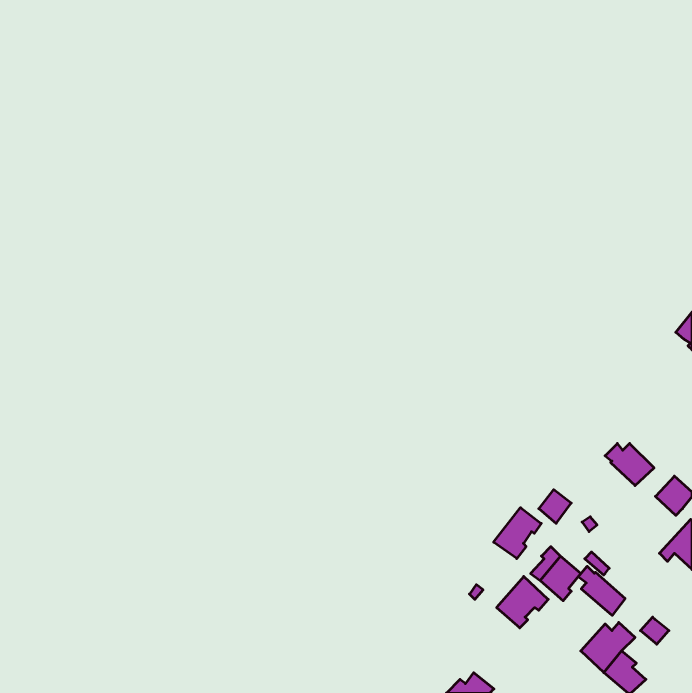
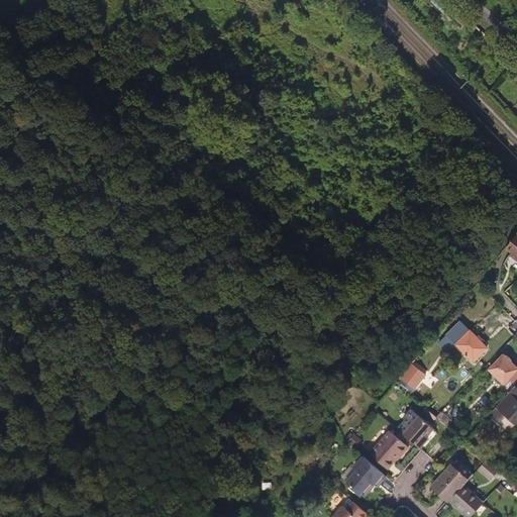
building: [494,508,541,559] -> none
building: [578,566,625,615] -> none
building: none -> [345,455,385,495]

